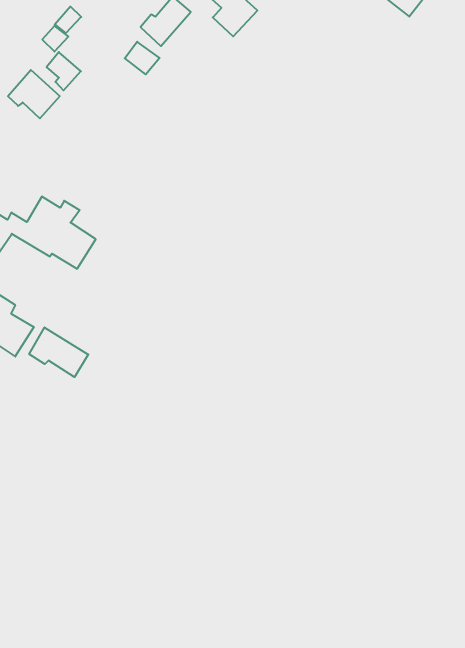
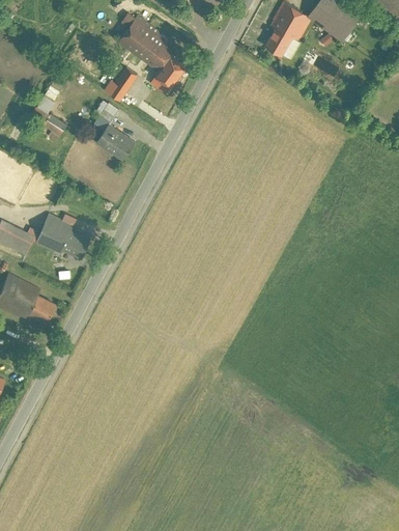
building: [8,70,60,118] -> none
building: none -> [95,124,135,160]
building: [29,327,88,377] -> none

